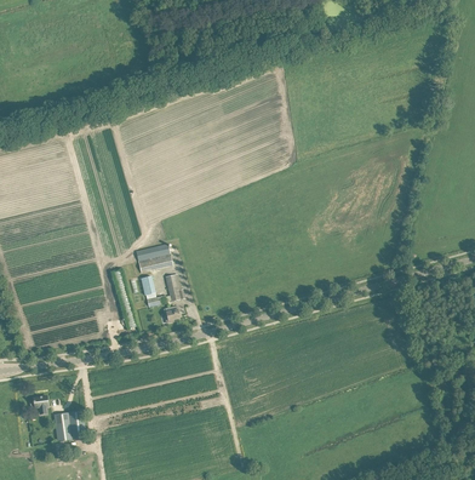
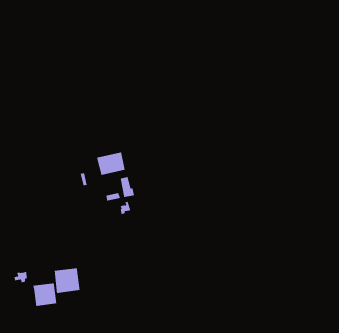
building: none -> [54,268,80,294]

